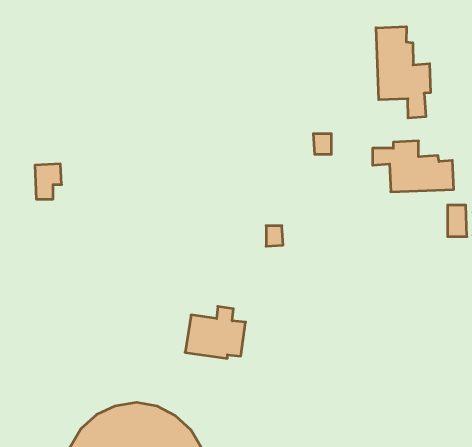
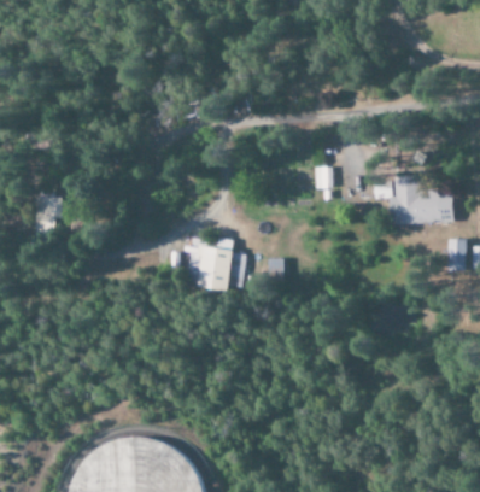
building: [376,27,430,118] -> none
building: [185,306,246,358] -> [185,239,245,291]

